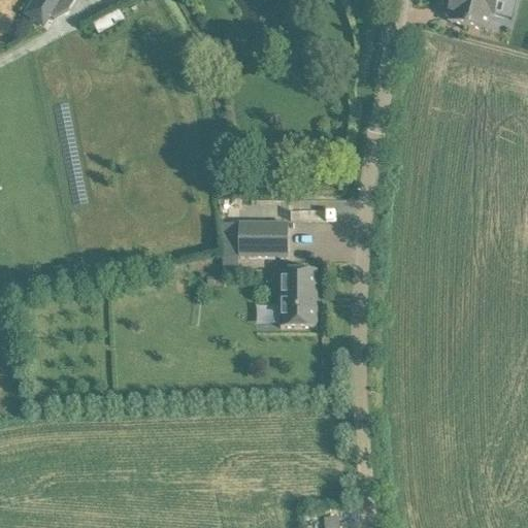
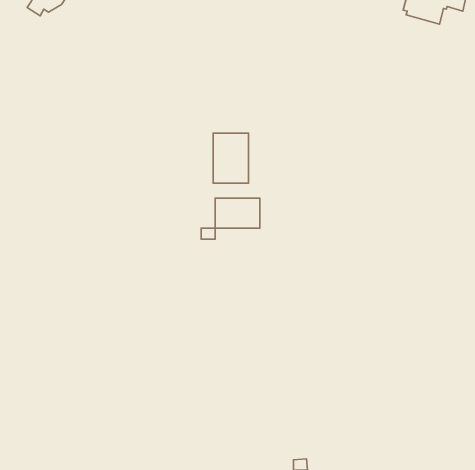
building: none -> [213,133,248,183]
building: [279,265,317,323] -> none

